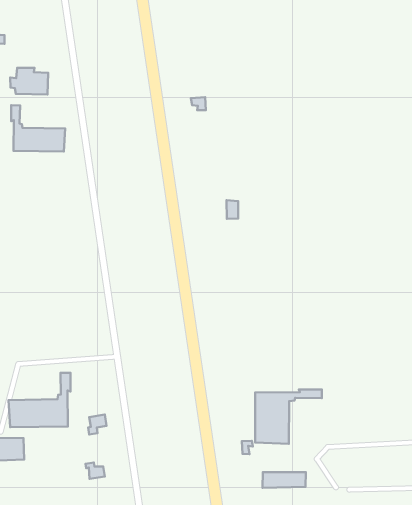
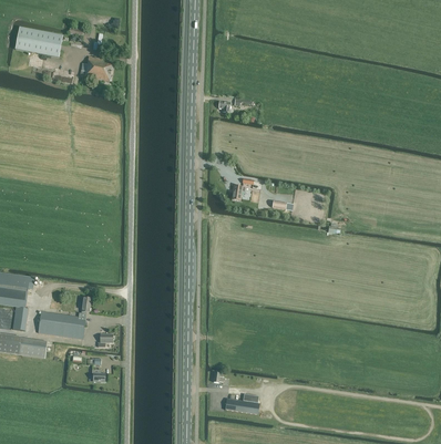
building: [11,105,65,152] -> none
building: [255,390,322,444] -> none

